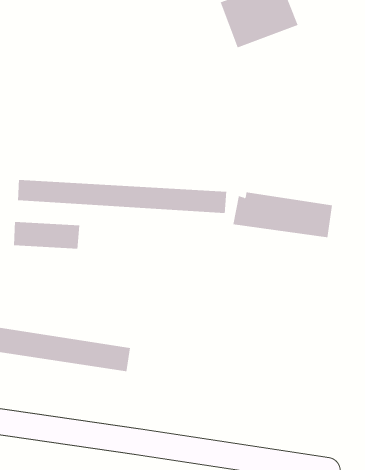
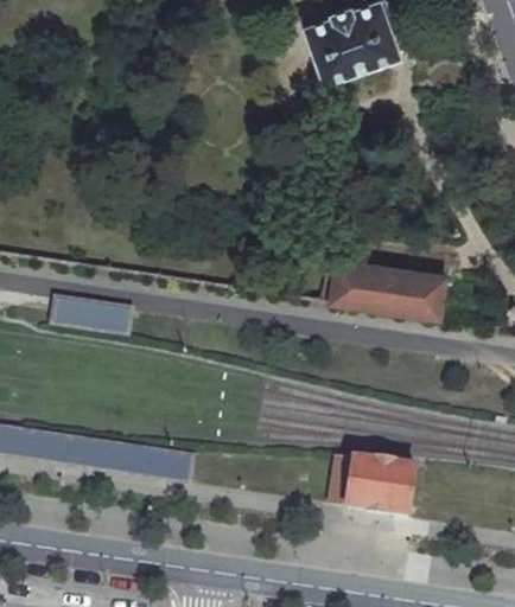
building: [17,179,227,214] -> none
building: none -> [330,456,414,516]

